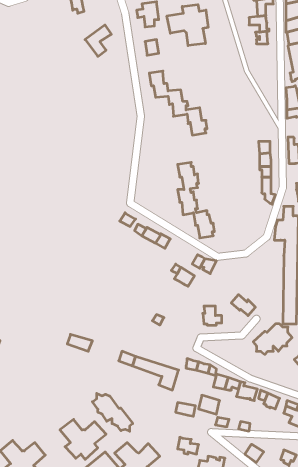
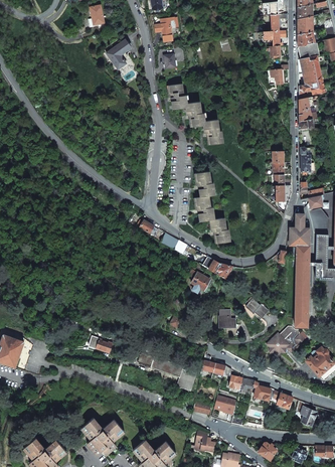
building: [167,5,208,46] -> none
building: [92,393,133,431] -> none

